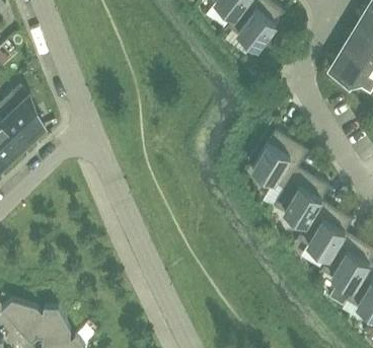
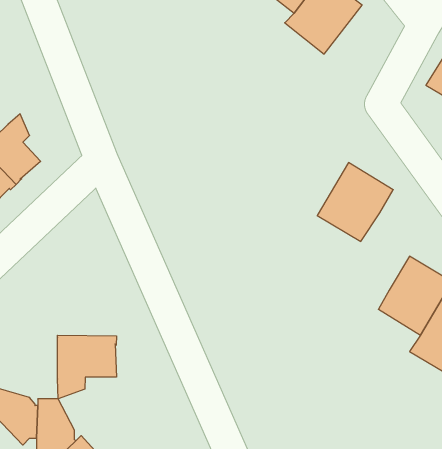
building: [272,169,327,227] -> none
building: none -> [58,335,116,399]

